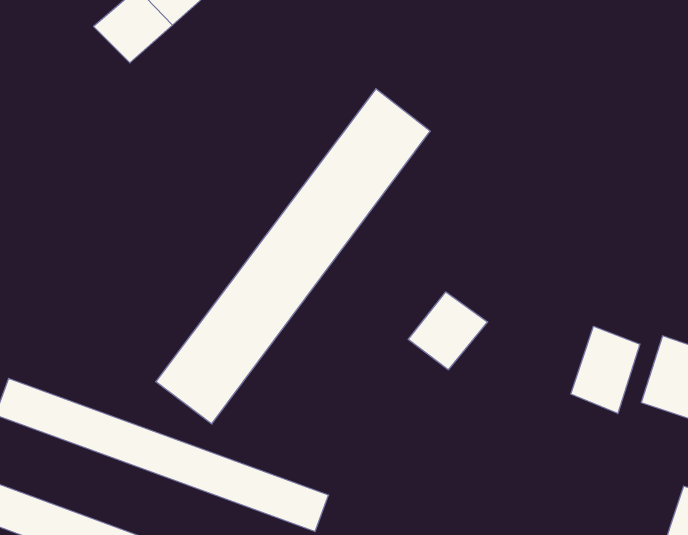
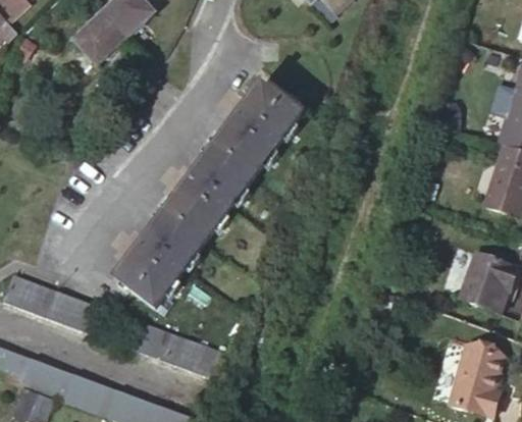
building: [408,292,488,370] -> none
building: [571,326,640,414] -> none

